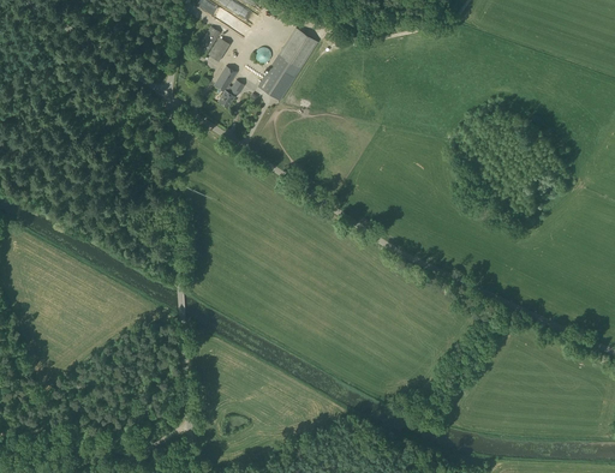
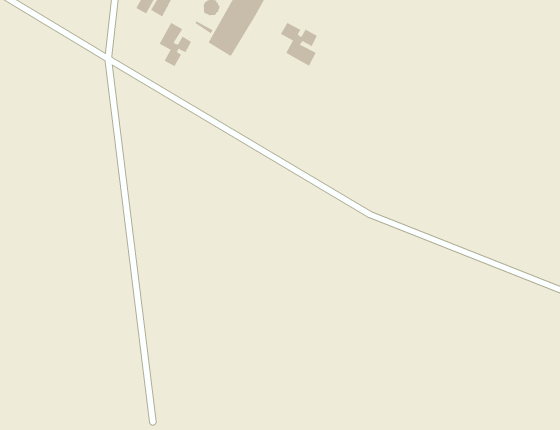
building: none -> [280,22,317,67]

